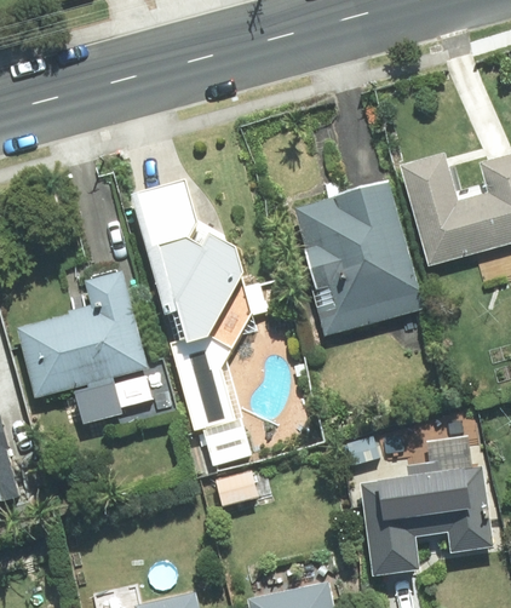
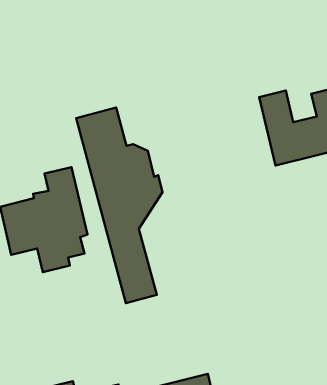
building: [293,174,425,338] -> none
building: [355,464,494,577] -> none

